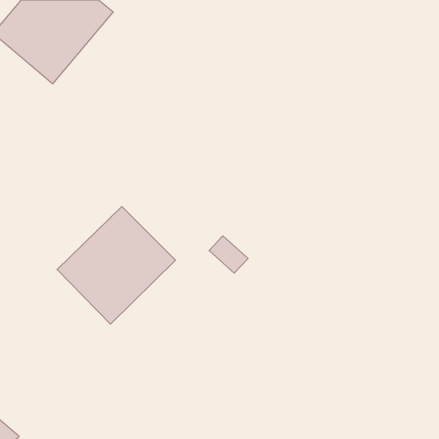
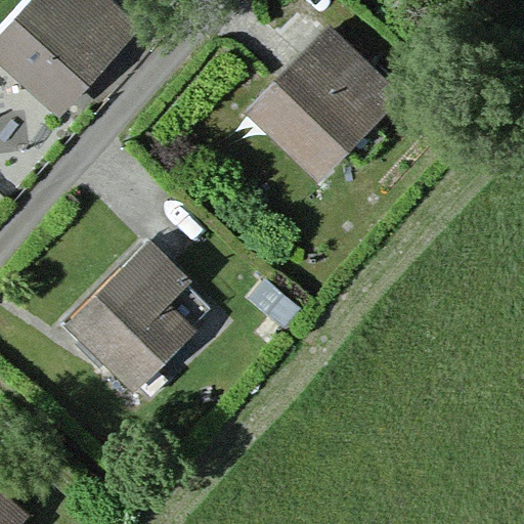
building: none -> [252,35,395,178]

